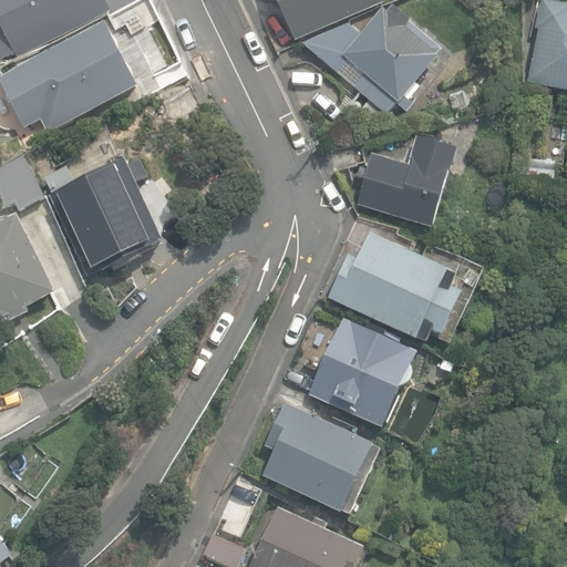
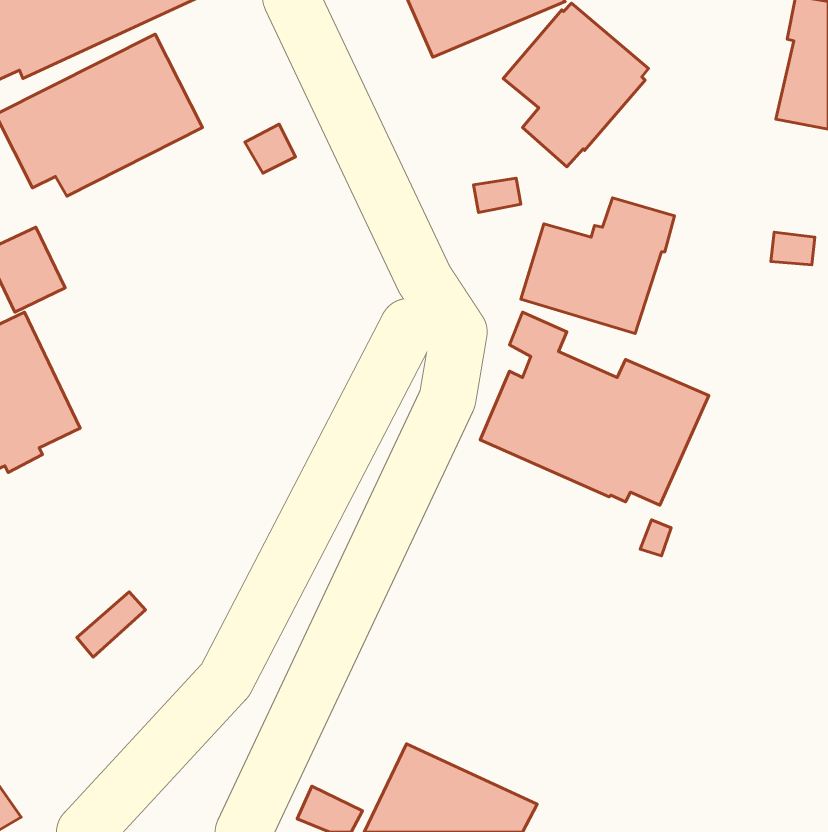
building: [42,159,163,277] -> none
building: [307,318,415,426] -> none
building: [261,401,381,513] -> none

